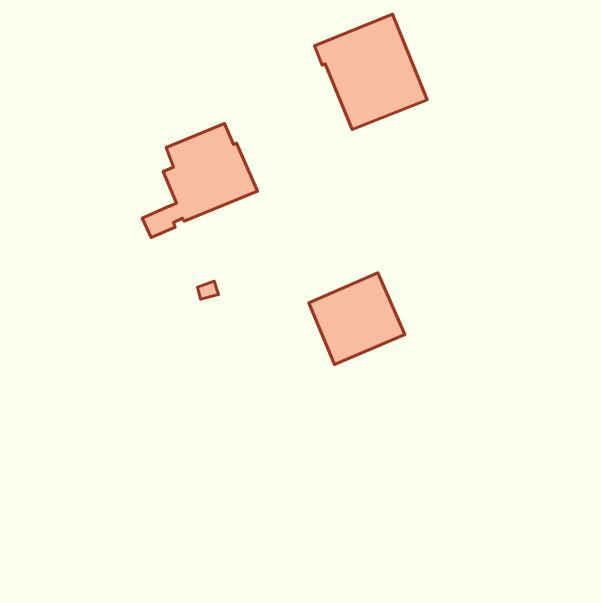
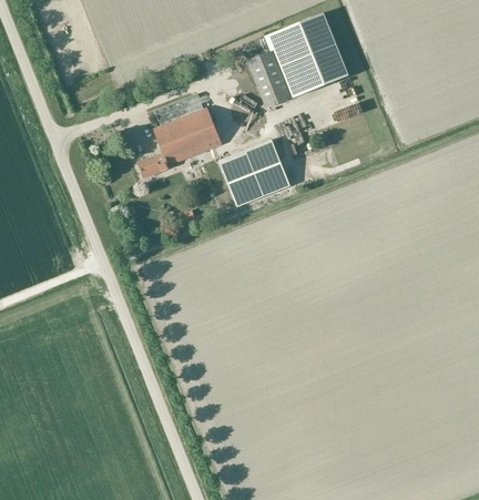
building: none -> [246,51,289,109]
building: [309,273,405,364] -> [220,139,291,206]

